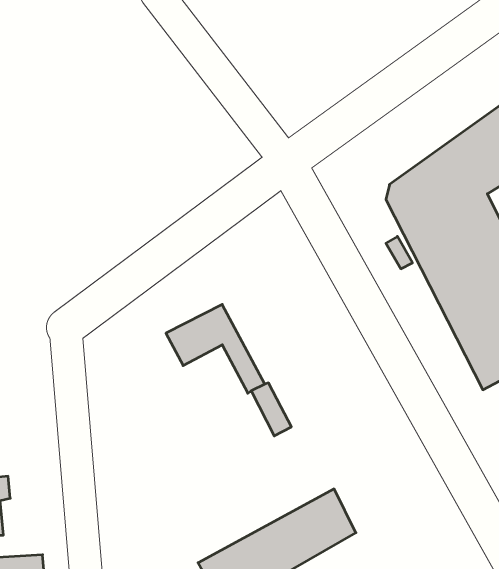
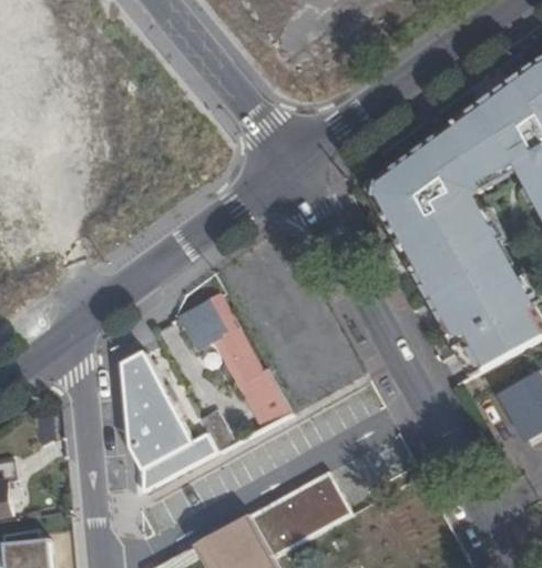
building: none -> [121,344,213,490]

